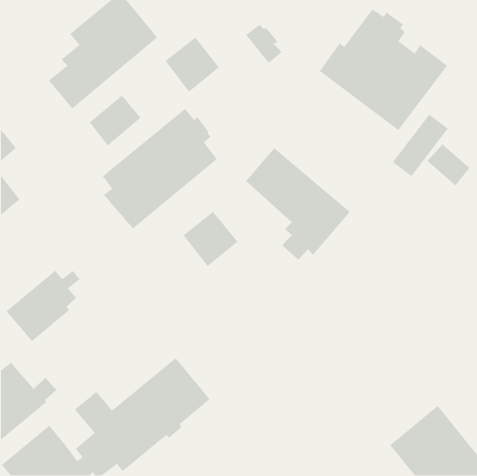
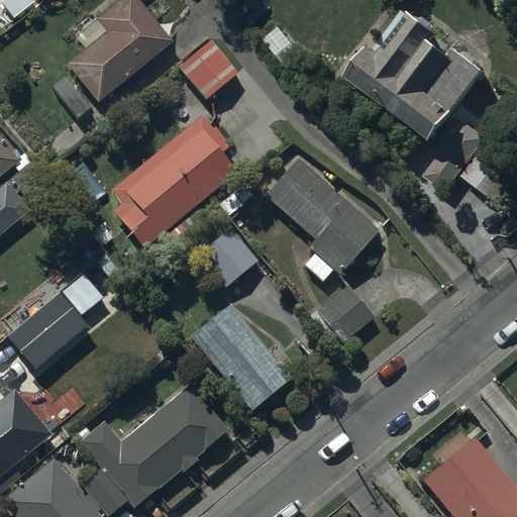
building: [89,95,141,146] -> none
building: none -> [316,285,375,343]
building: none -> [191,304,291,410]

